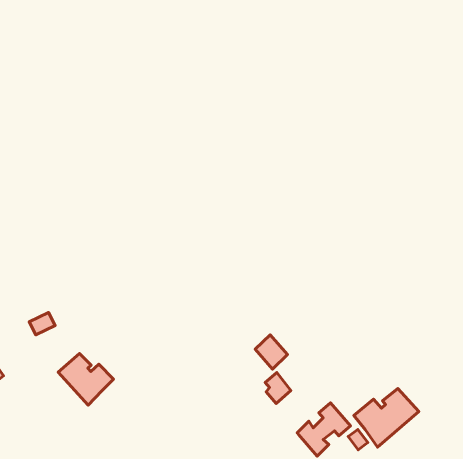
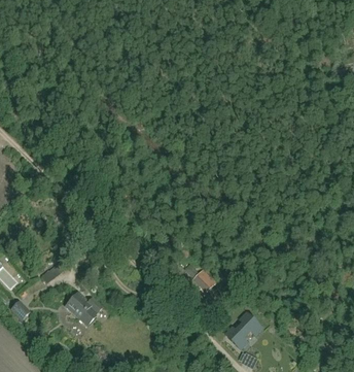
building: [354,388,419,447] -> none

